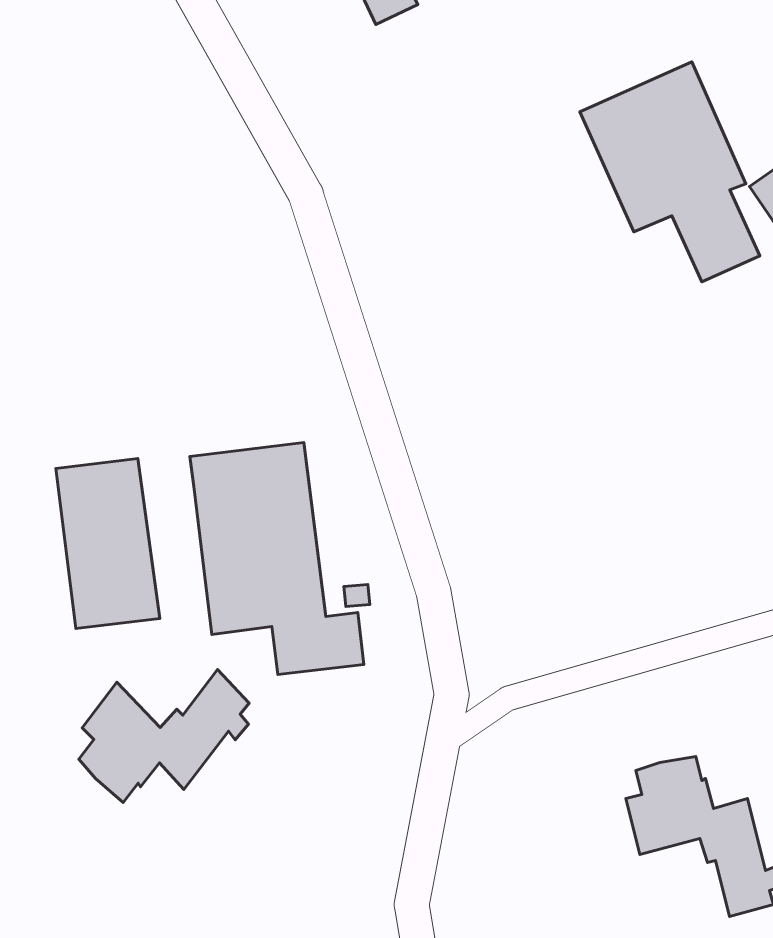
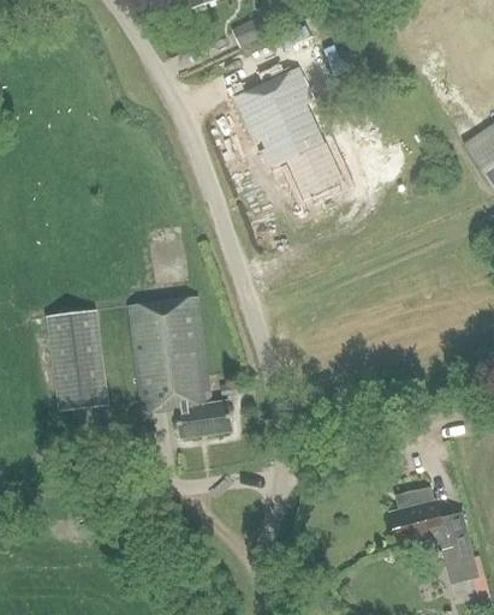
building: [580,62,760,282] -> [232,66,340,198]
building: [79,670,249,803] -> none

